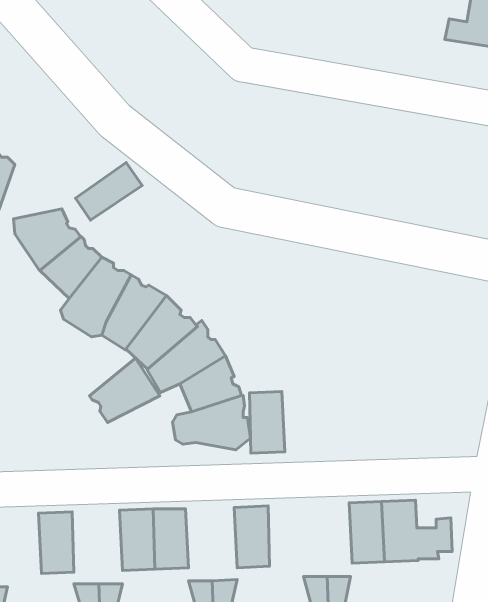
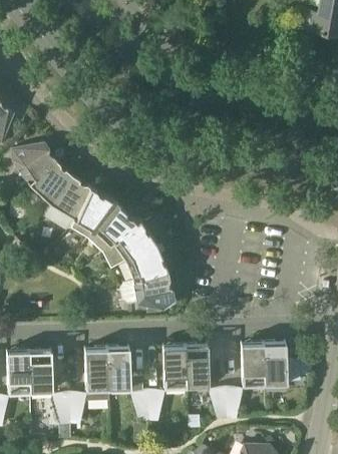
building: [76,162,142,220] -> none
building: [90,358,160,423] -> none
building: [249,391,285,453] -> [186,345,210,387]
building: none -> [7,351,31,393]

